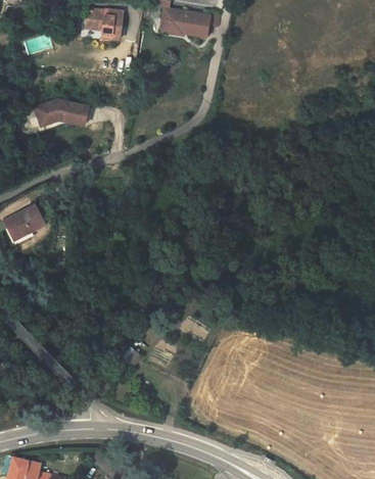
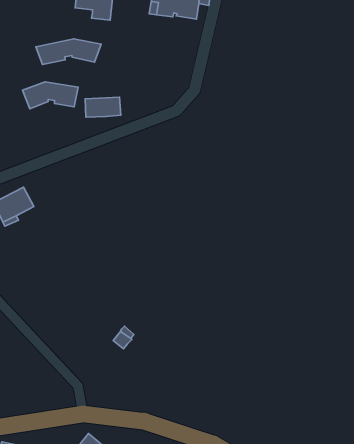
building: none -> [36,39,101,65]
building: none -> [85,97,121,117]

